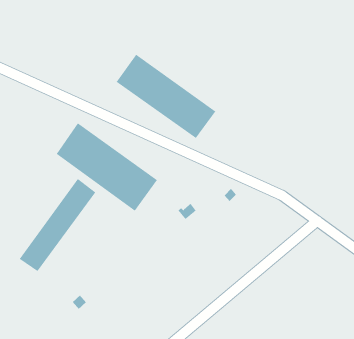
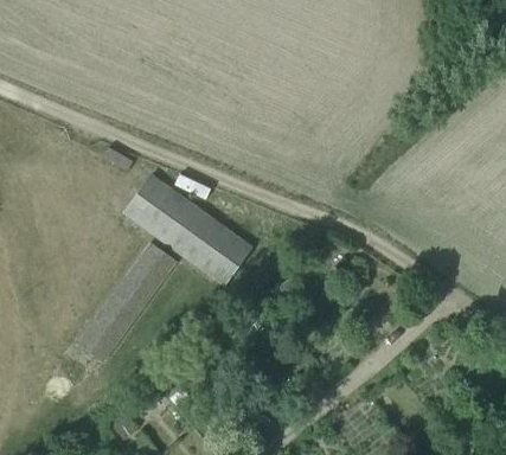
building: [116,54,216,139] -> none

